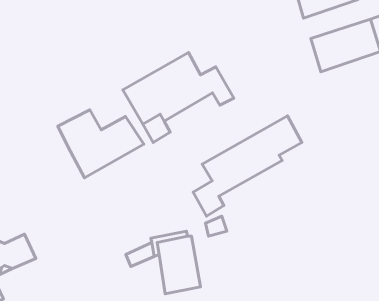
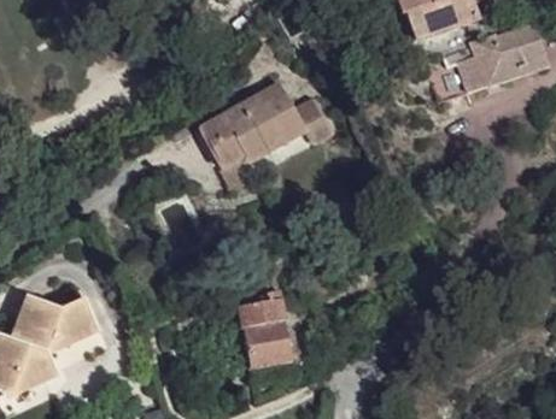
building: [58,110,144,178] -> none
building: [193,116,302,216] -> none

